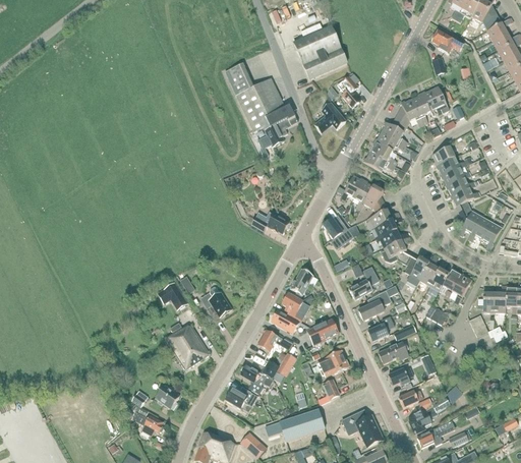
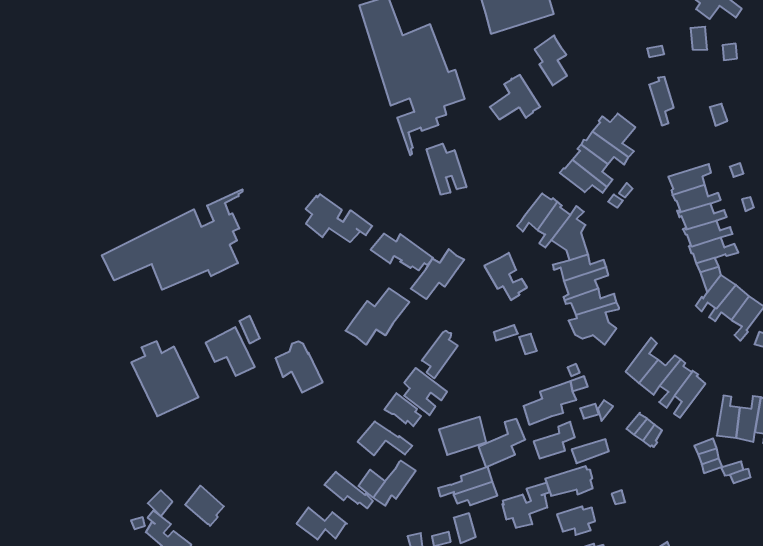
building: [421,86,449,114] -> none
building: [395,99,423,126] -> none
building: none -> [427,144,466,195]
building: none -> [306,194,372,242]
building: none -> [102,189,243,290]
building: none -> [411,249,464,299]
building: none -> [345,288,409,345]
building: [405,253,433,280] -> none
building: [350,268,379,300] -> [479,419,525,467]
building: [165,323,210,369] -> [131,341,199,416]
building: none -> [502,482,550,528]

